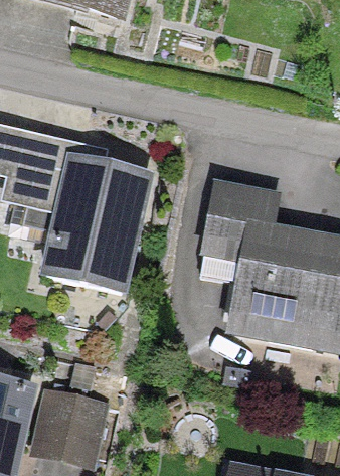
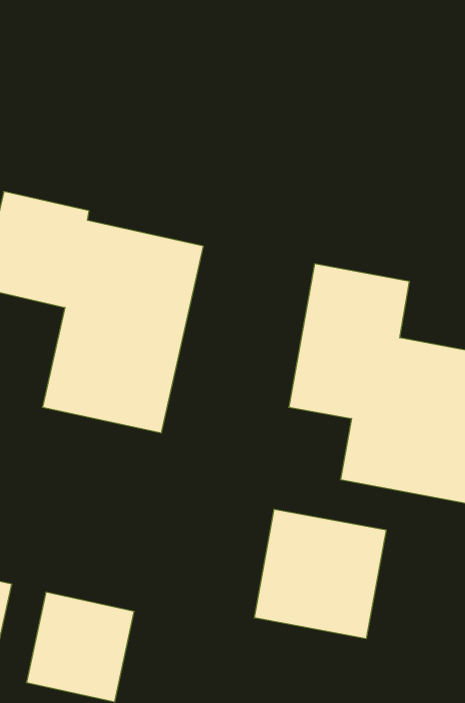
building: none -> [254,509,386,639]

